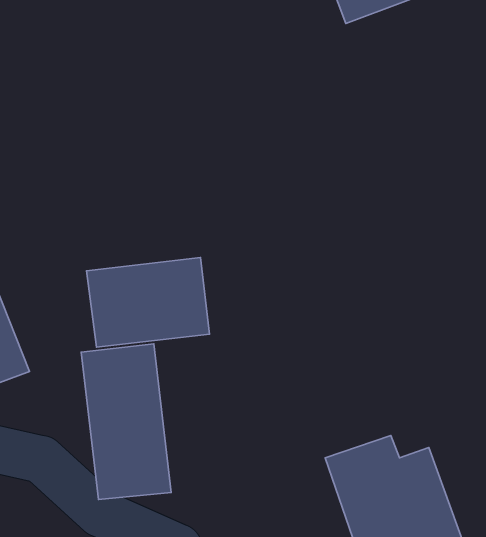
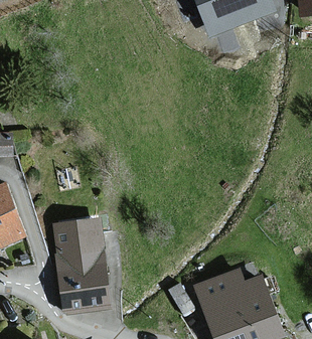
building: [87,257,209,347] -> none

